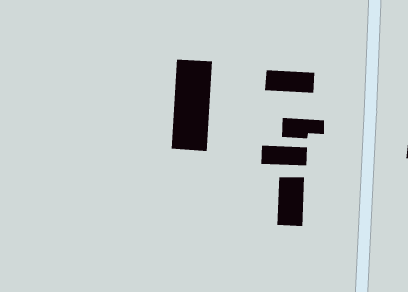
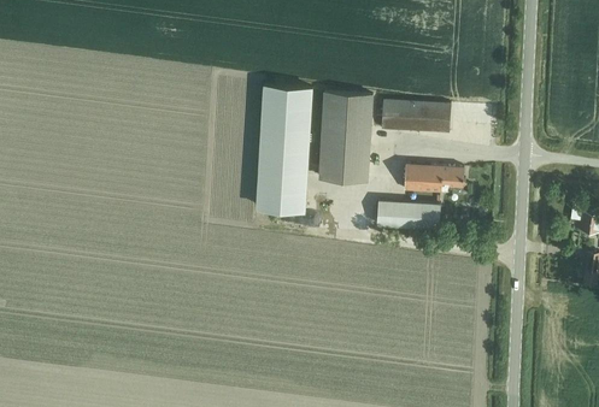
building: none -> [321,94,372,181]
building: [277,176,305,227] -> none

